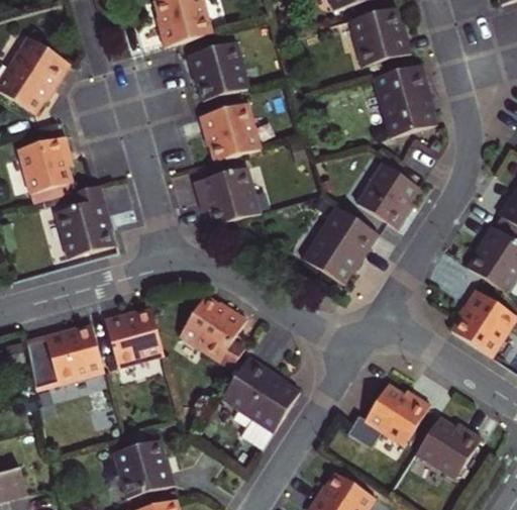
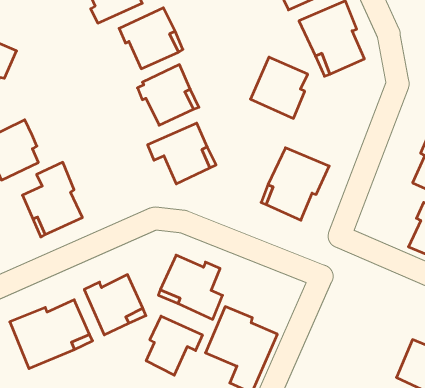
building: [356,161,420,228] -> [250,57,308,118]
building: none -> [146,316,202,375]
building: [342,392,428,457] -> none

